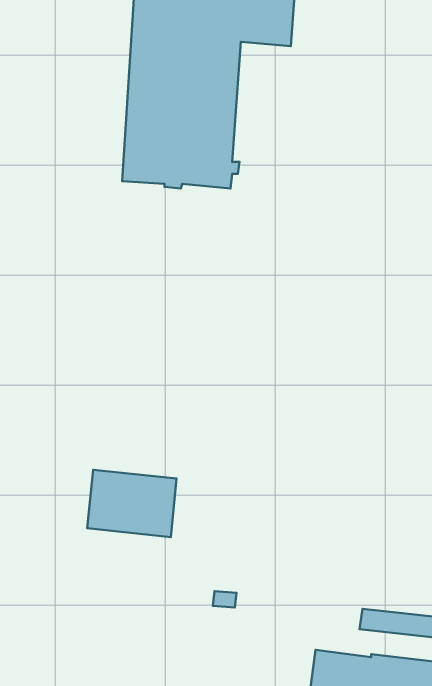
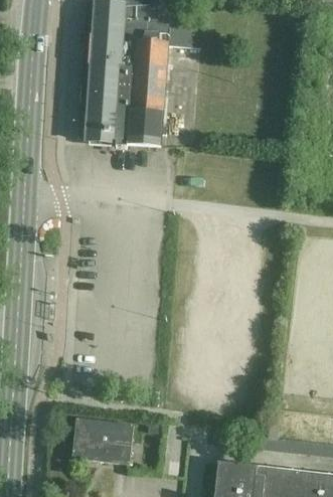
building: [87,470,177,537] -> [70,420,132,466]

